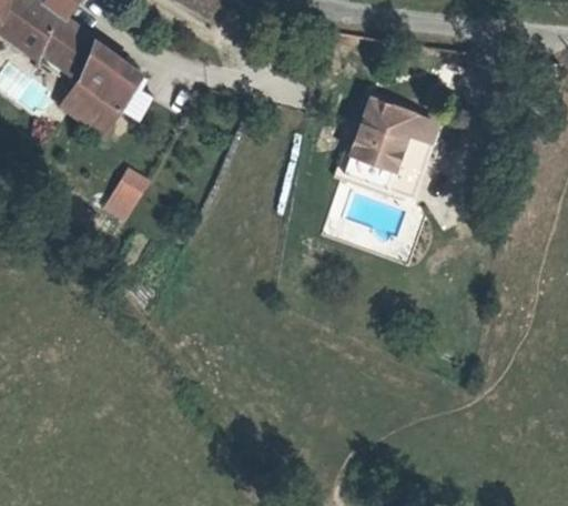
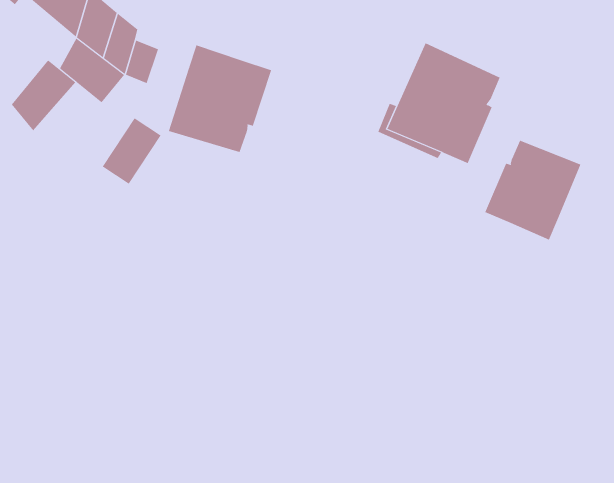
building: none -> [168,44,272,153]
building: none -> [11,59,76,131]
building: none -> [484,140,581,241]

